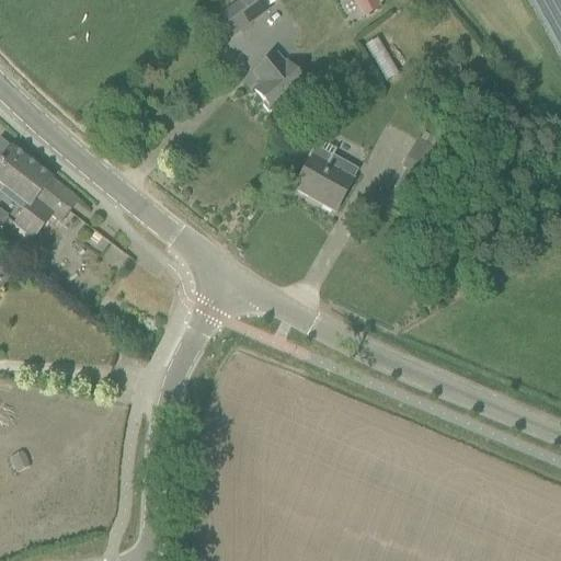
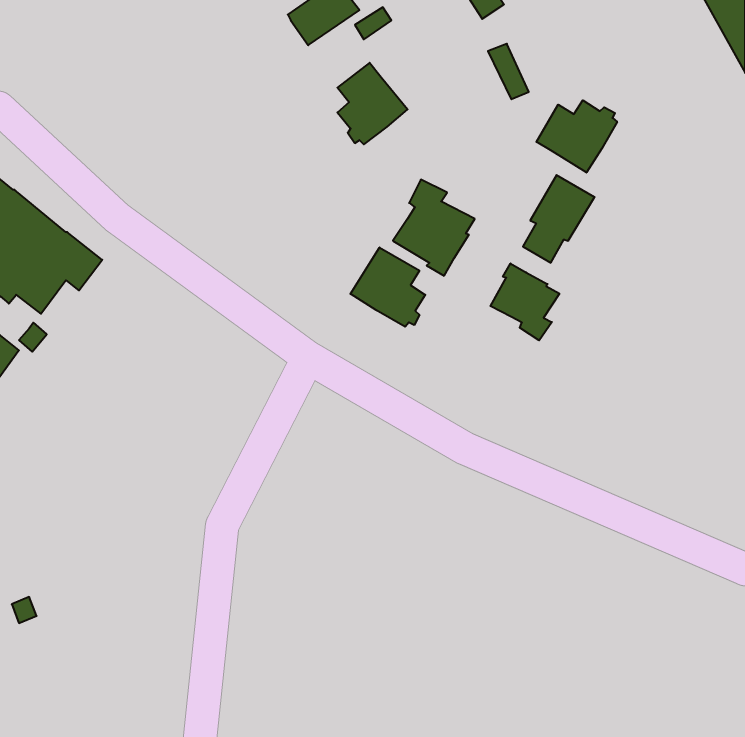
building: none -> [536,100,617,173]
building: none -> [350,247,425,327]
building: none -> [490,263,559,340]

